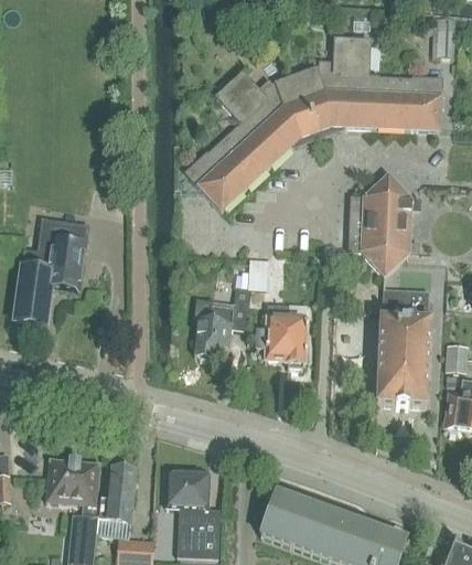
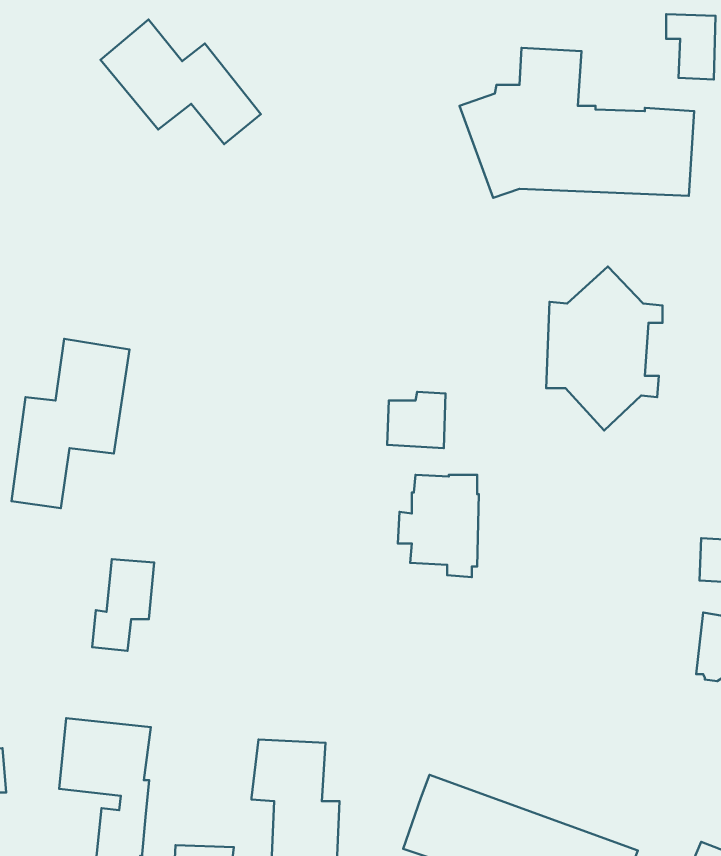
building: none -> [100,20,261,144]
building: [184,71,315,210] -> none
building: [192,286,249,361] -> none
building: [376,289,430,407] -> none
building: [98,463,137,521] -> [92,559,154,651]

